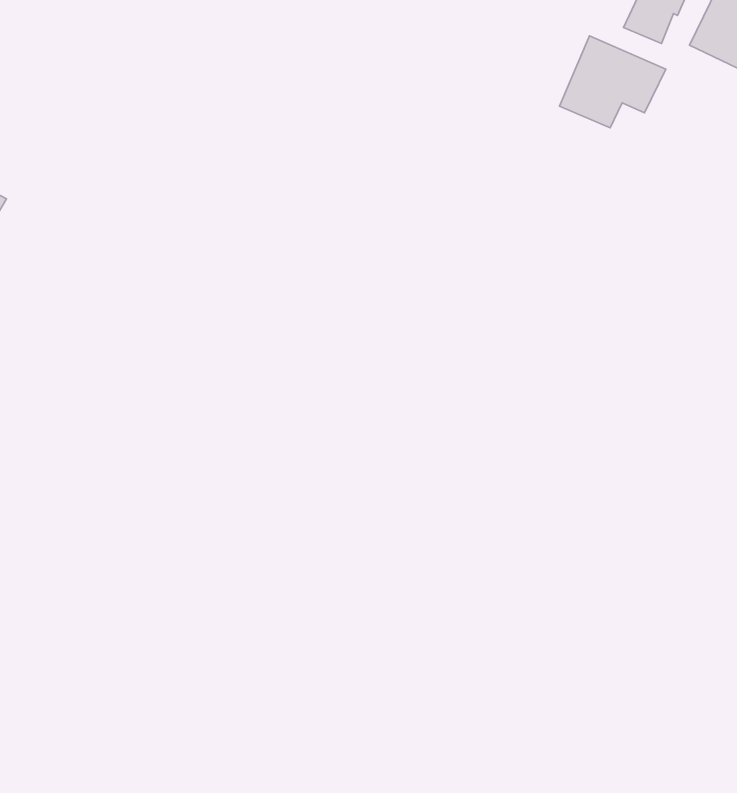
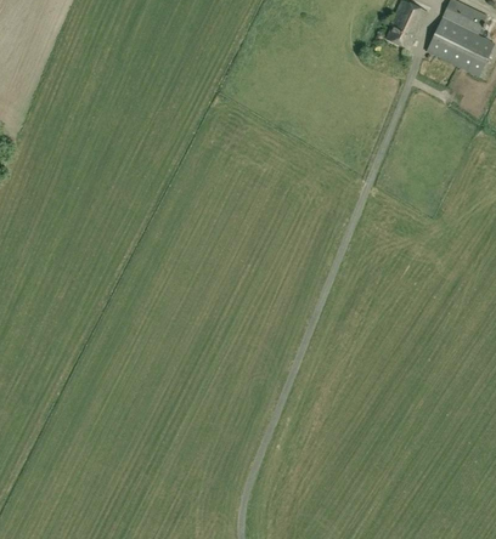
building: [560,36,666,128] -> none

